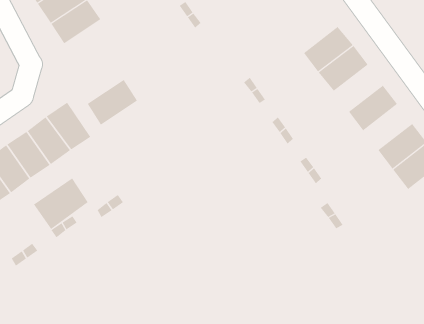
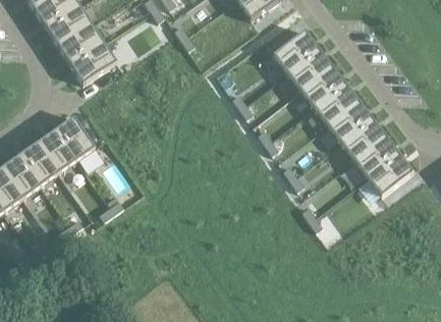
building: none -> [273,30,318,72]
building: none -> [314,83,359,125]
building: [87,79,138,125] -> [70,42,116,84]
building: none -> [340,118,385,160]
building: [33,178,89,230] -> none

